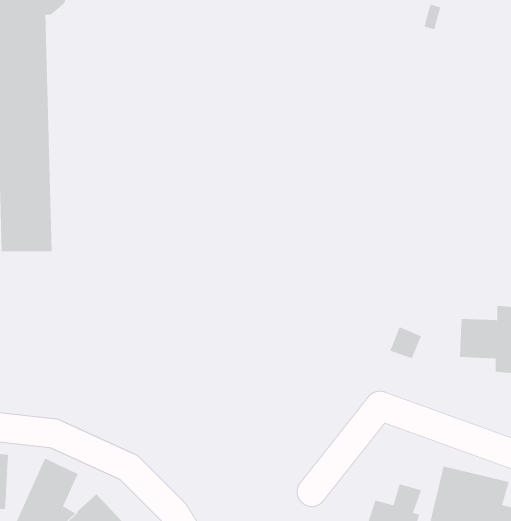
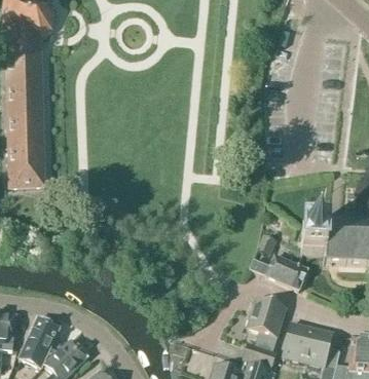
building: none -> [249,255,307,290]
building: none -> [247,297,287,337]

